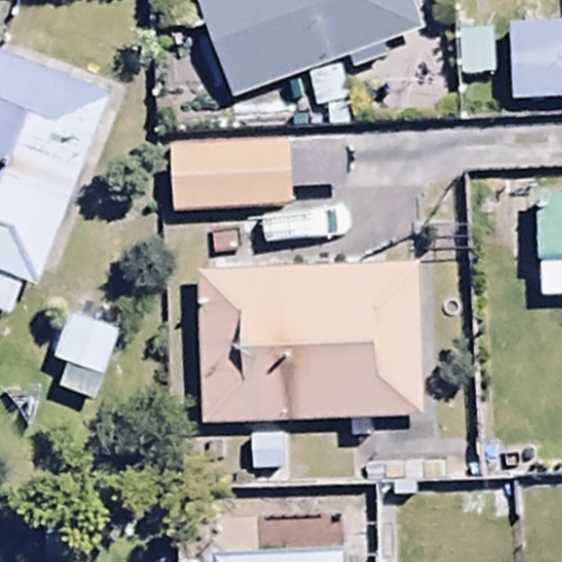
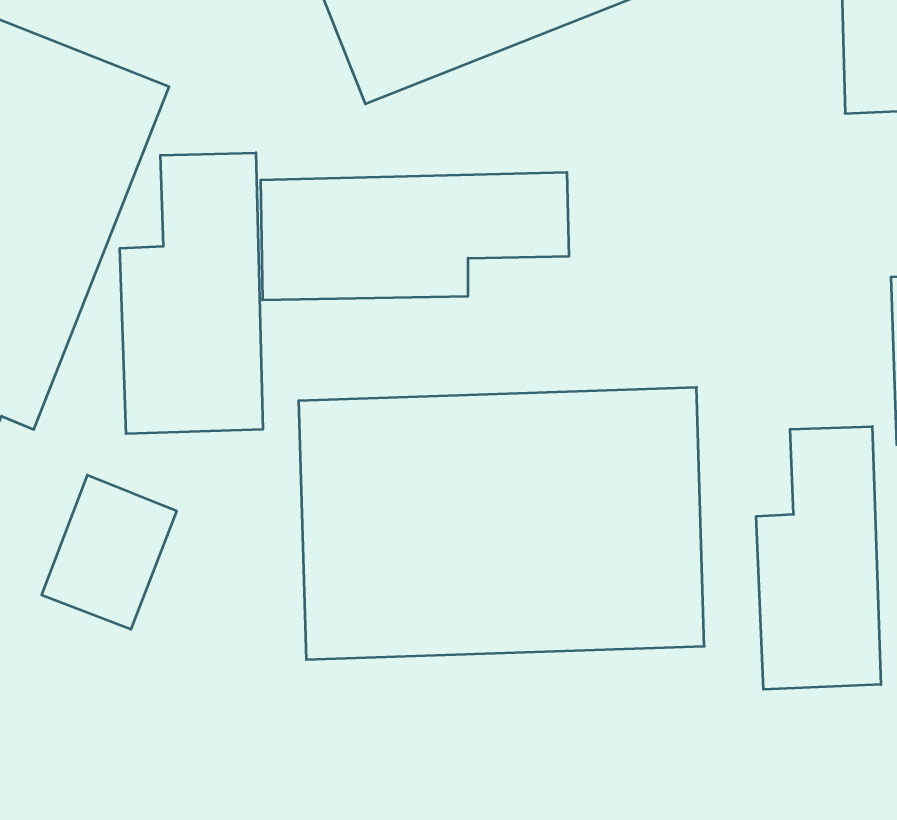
building: none -> [120,153,263,434]
building: none -> [756,426,881,689]

